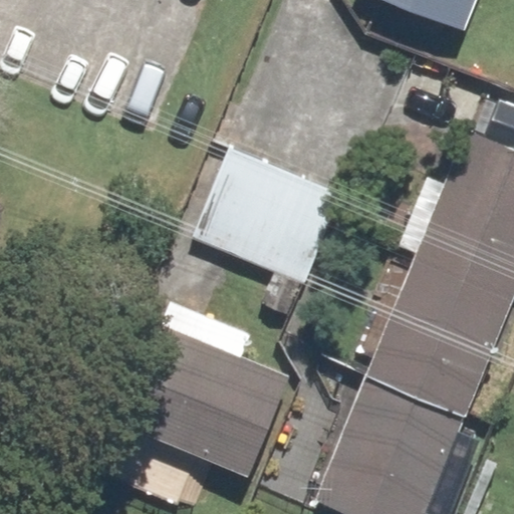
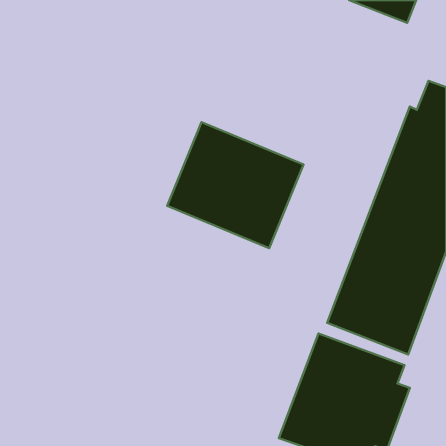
building: [126,325,289,476] -> none

